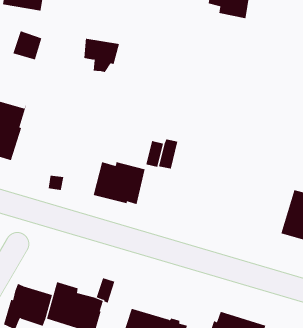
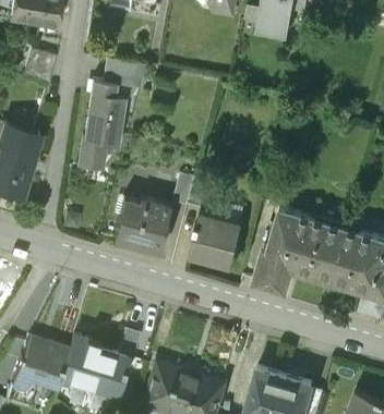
building: none -> [79,80,123,167]
building: none -> [256,209,344,291]
building: none -> [191,214,242,267]

